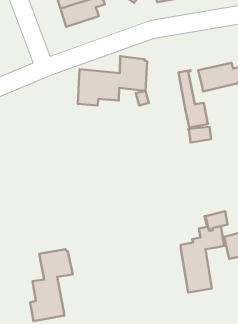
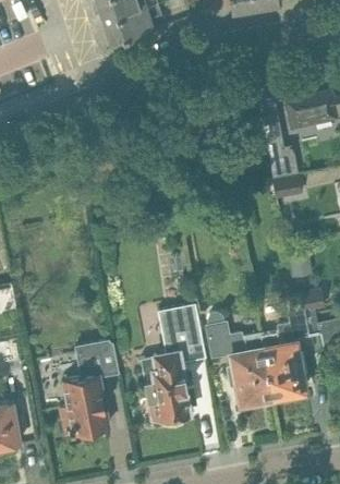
building: [78,56,147,105] -> none
building: none -> [141,304,205,424]
building: none -> [206,312,272,403]

